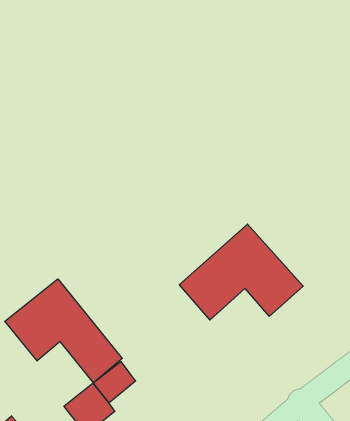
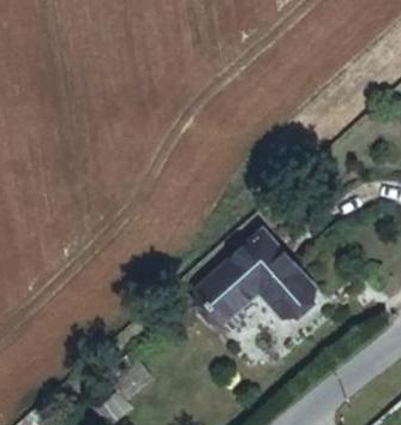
building: [5,279,122,383] -> none

